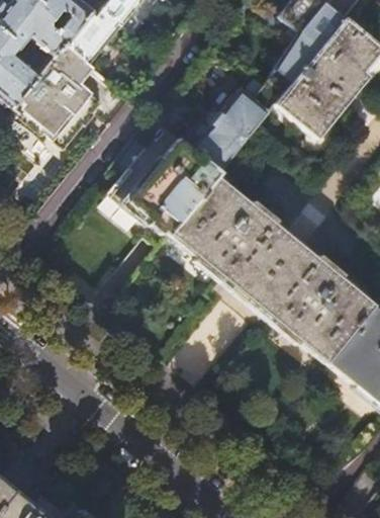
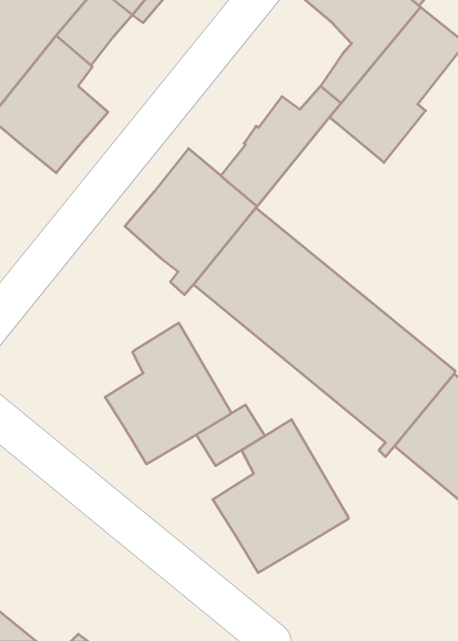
building: none -> [105,323,231,464]
building: none -> [213,419,348,573]

